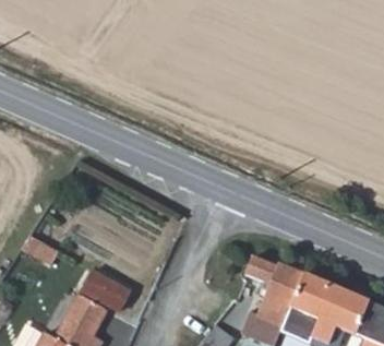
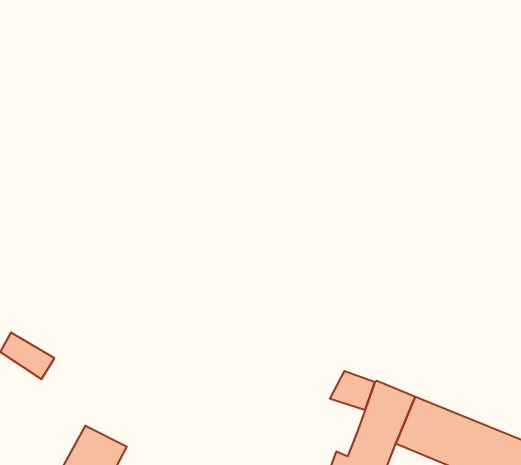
building: [81,271,129,310] -> none

